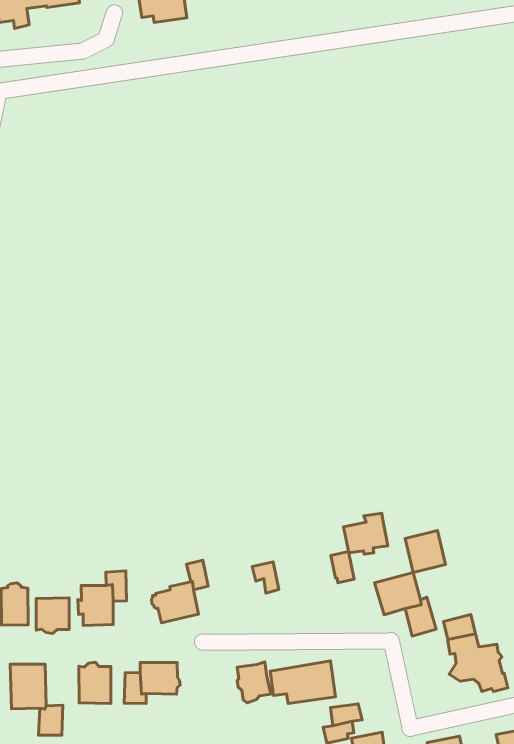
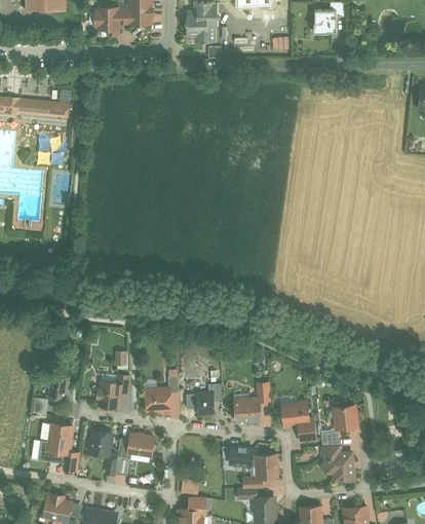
building: [344,513,388,554] -> [234,398,260,421]
building: [405,531,446,572] -> [334,405,356,428]
building: [36,598,69,633] -> none
building: [237,662,271,703] -> [195,391,215,415]
building: none -> [256,454,276,477]

